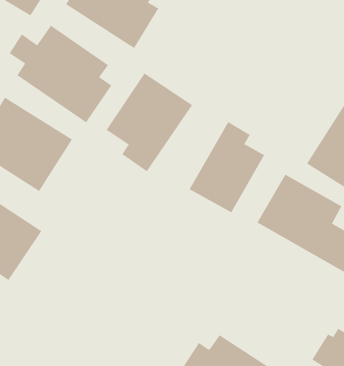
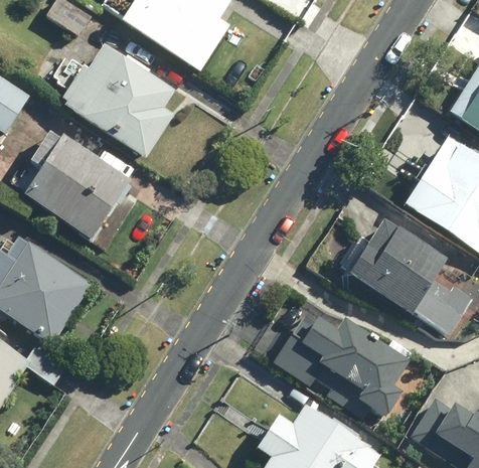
building: [106,72,193,172] -> none
building: [189,121,265,213] -> none
building: none -> [275,318,410,416]

